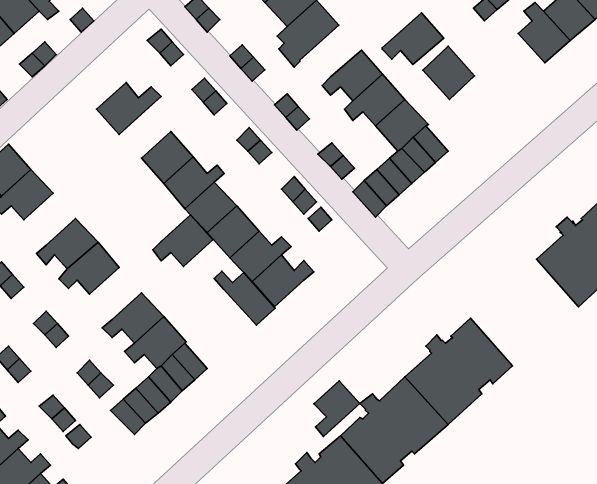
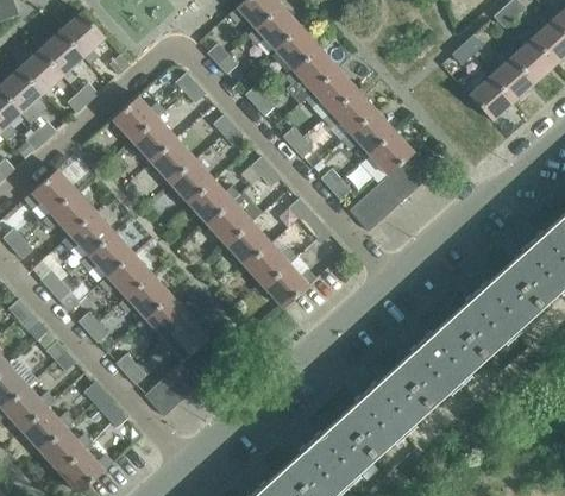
building: [382,13,444,65] -> [305,69,357,113]
building: [423,46,475,100] -> [469,76,513,121]
building: none -> [113,96,165,140]
building: none -> [151,139,202,182]
building: none -> [70,212,114,256]
building: [153,215,213,267] -> [119,275,170,319]
building: none -> [450,268,541,358]
building: [214,271,275,325] -> none
building: [314,381,360,436] -> none

